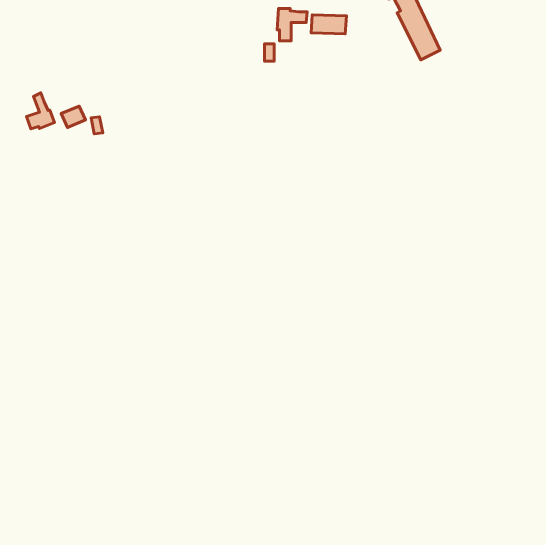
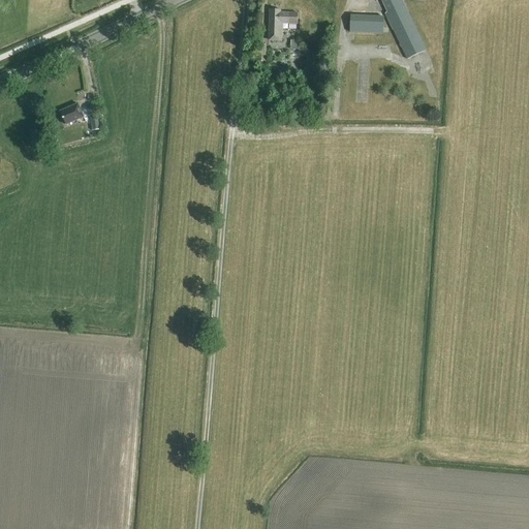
building: [311,15,346,34] -> [349,14,383,33]
building: [26,93,54,129] -> none

